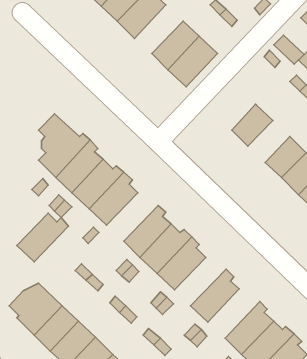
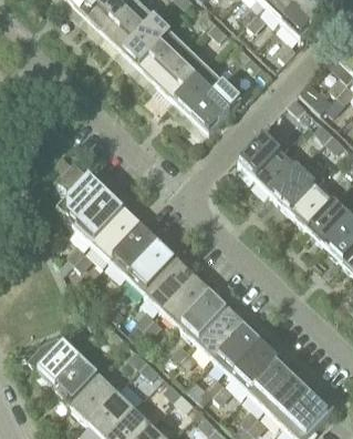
building: none -> [157,50,207,100]
building: none -> [239,124,290,178]
building: none -> [273,160,325,212]
building: [17,213,69,262] -> [128,243,181,293]
building: none -> [198,309,251,359]
building: none -> [232,341,285,392]

